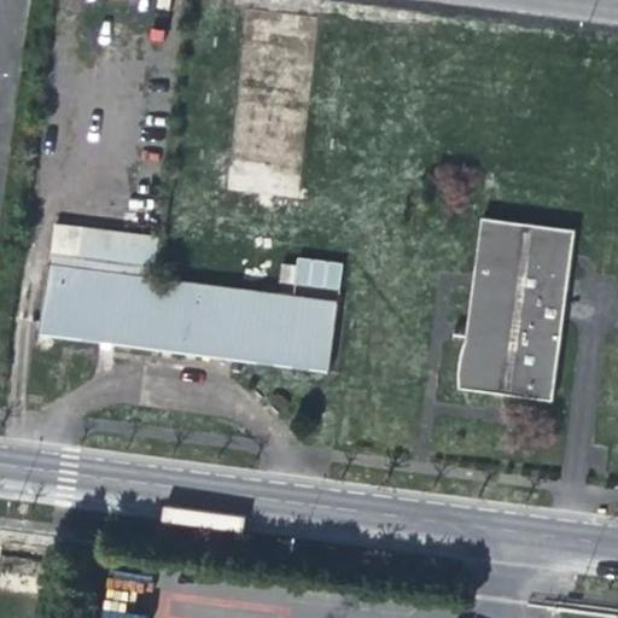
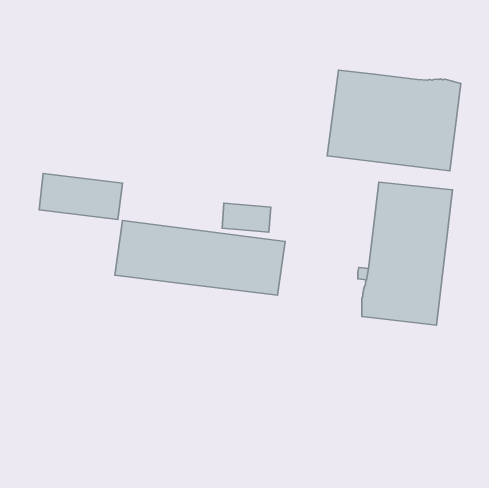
building: none -> [327,70,461,171]
building: [39,264,154,346] -> none

